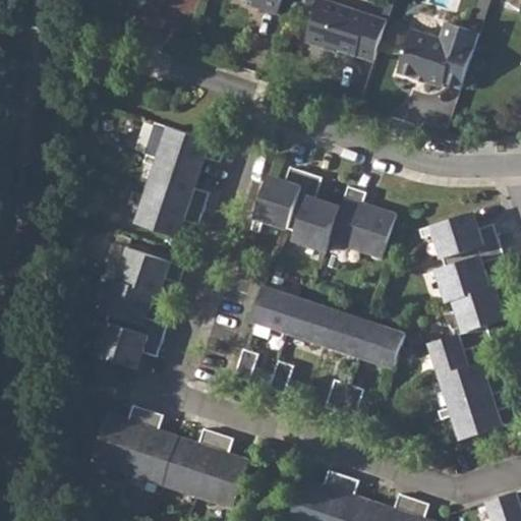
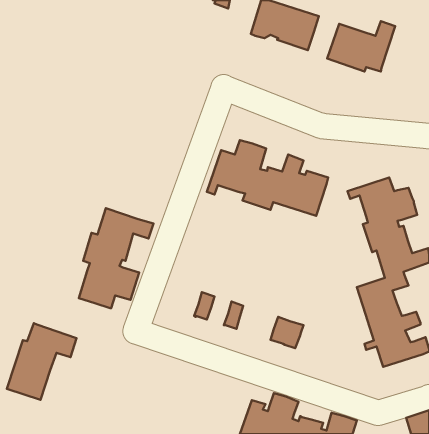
building: [136,127,223,237] -> none
building: [251,287,404,366] -> none
building: none -> [7,323,76,400]
building: [93,407,247,507] -> none

